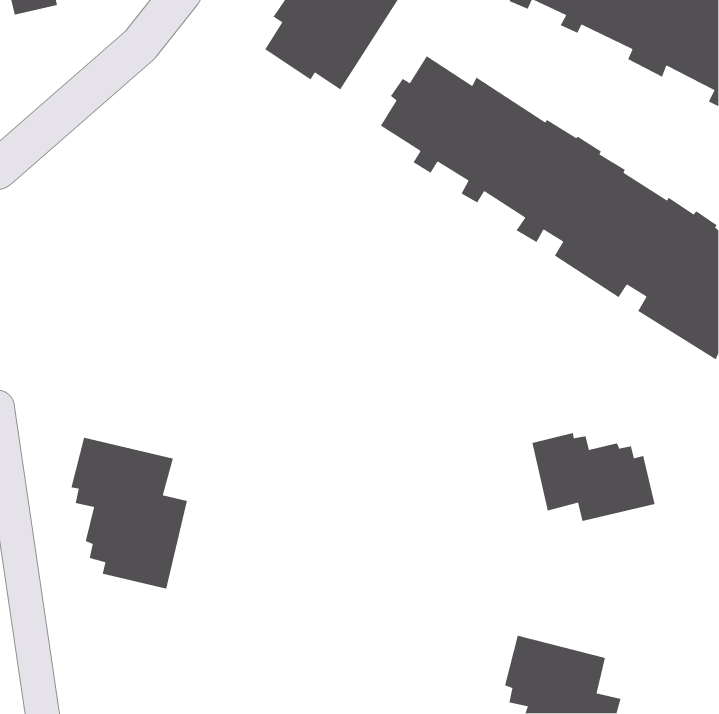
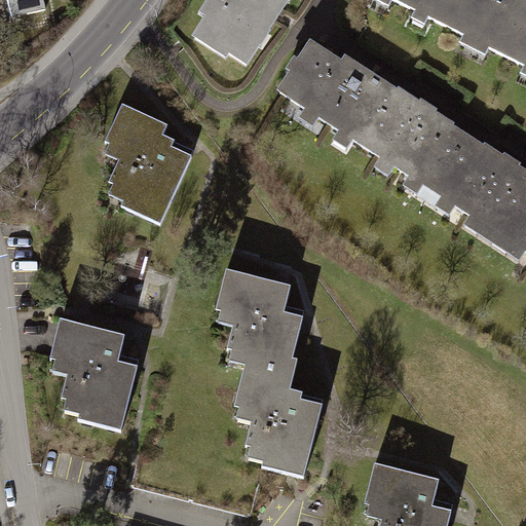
building: none -> [105,100,192,220]
building: none -> [218,267,323,473]
building: [532,432,655,522] -> none

